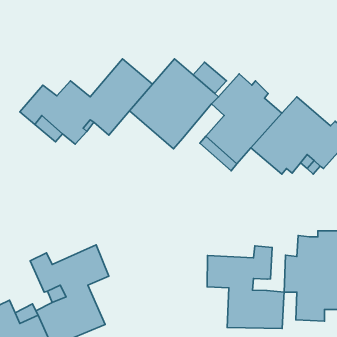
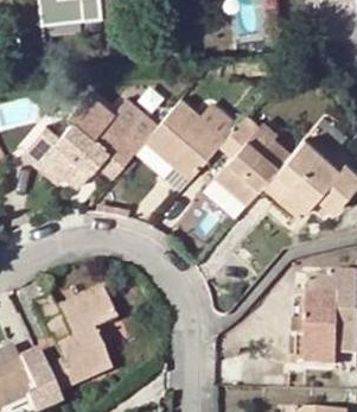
building: [207,246,284,329] -> none

